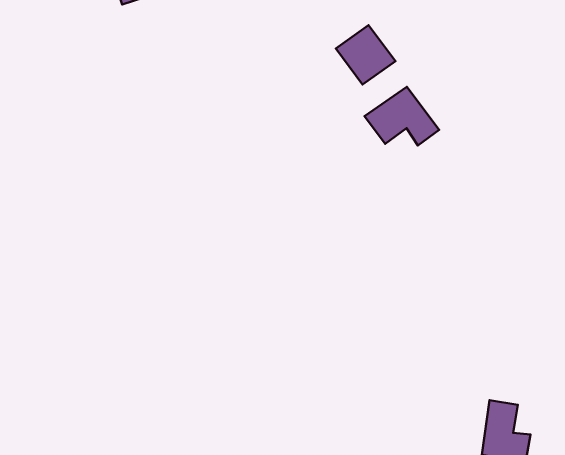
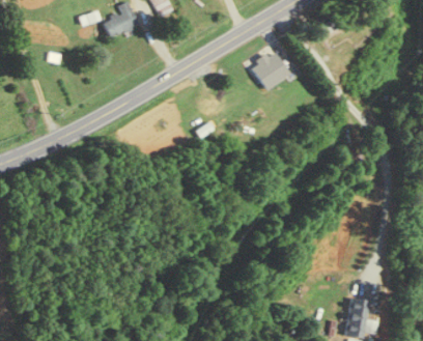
building: [365,87,439,145] -> none

